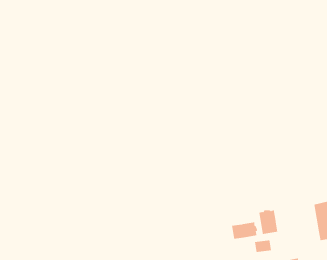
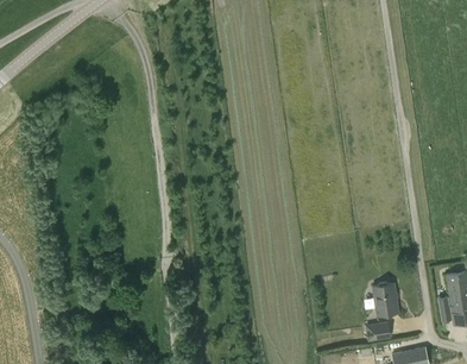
building: [232,221,258,239] -> none

